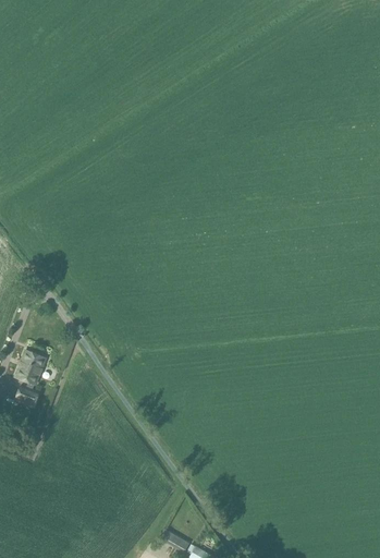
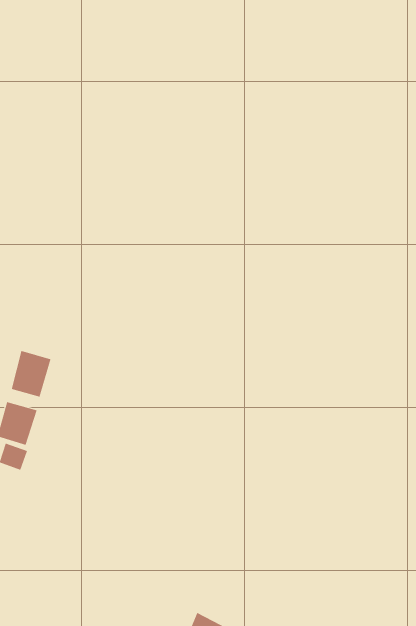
building: none -> [11,350,51,397]

